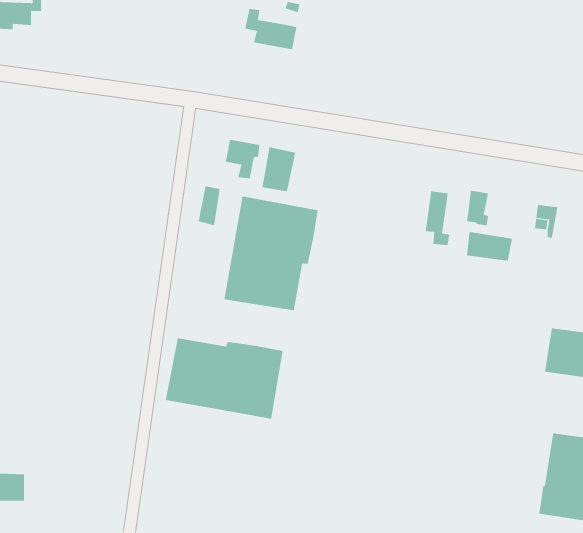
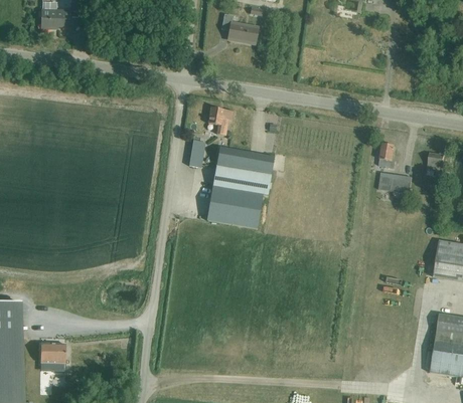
building: [262,147,296,192] -> none
building: [425,191,450,246] -> none
building: [165,337,283,419] -> none

